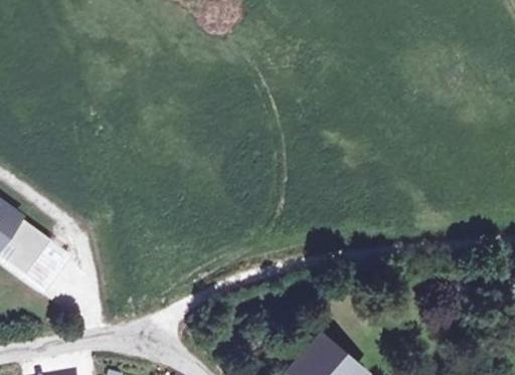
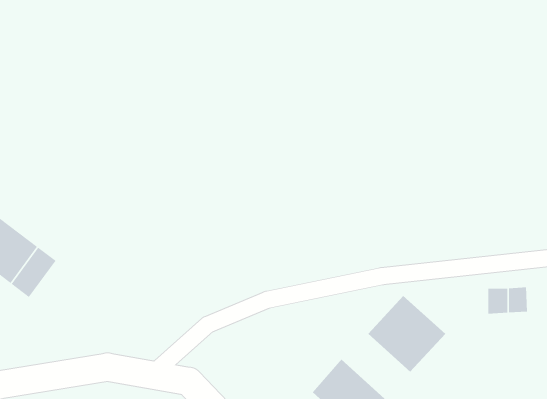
building: none -> [367,295,446,372]

